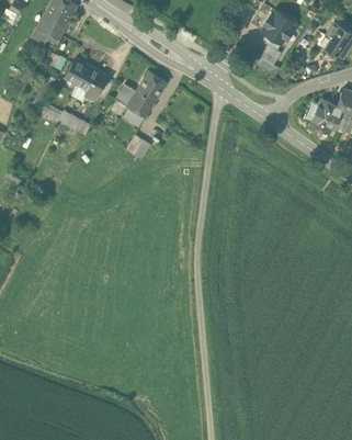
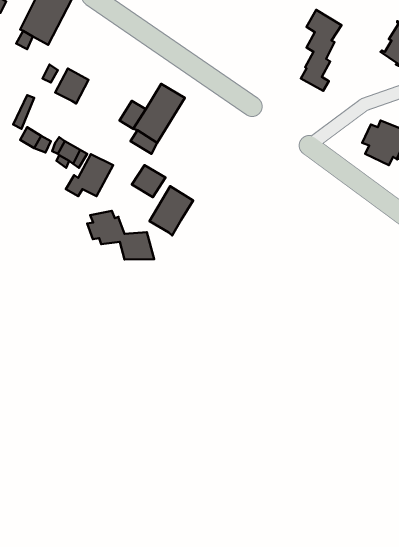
building: [71,67,109,100] -> [66,154,113,196]
building: none -> [149,186,193,235]
building: none -> [87,211,154,259]

